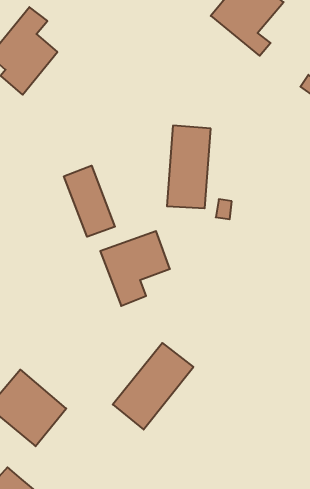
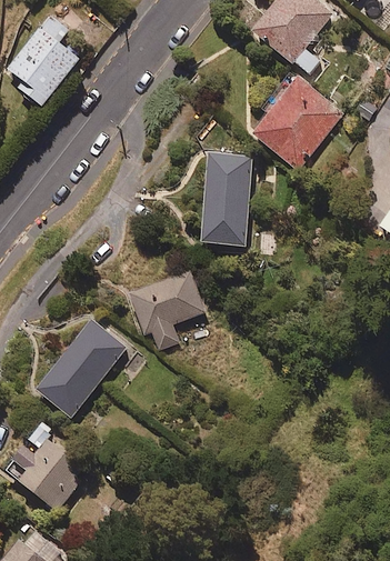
building: none -> [253,76,343,168]
building: [64,166,115,237] -> none
building: [113,343,193,430] -> [38,319,128,415]

